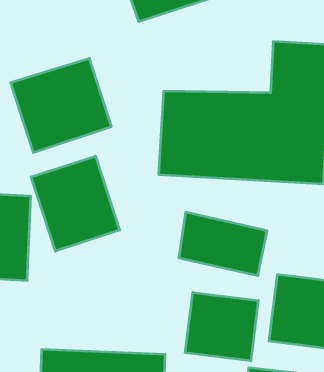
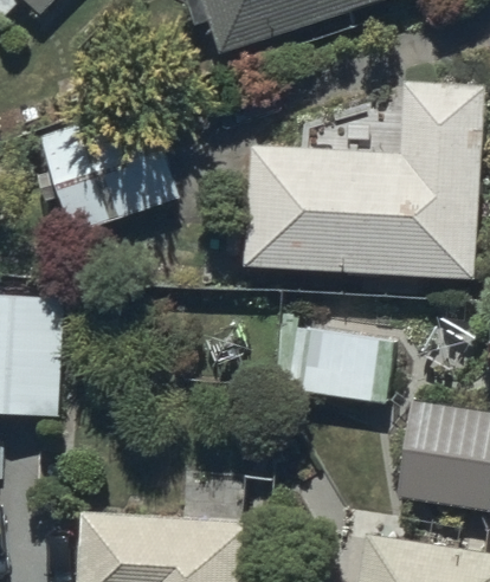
building: [31,156,120,251] -> none
building: [185,292,258,361] -> none

